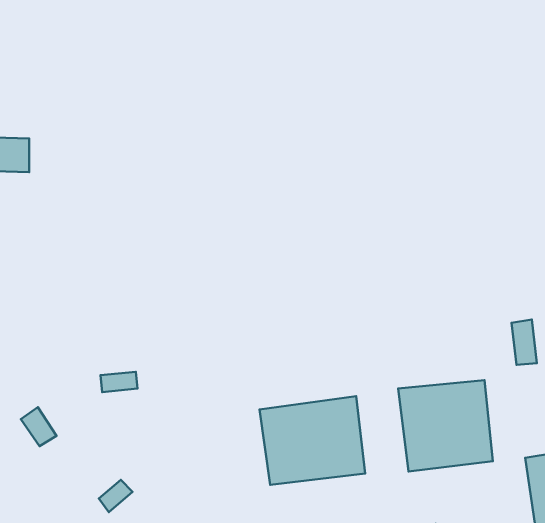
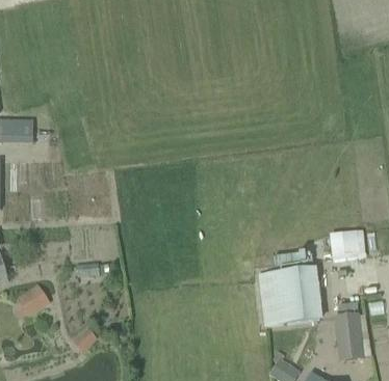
building: [260,396,365,485] -> none

